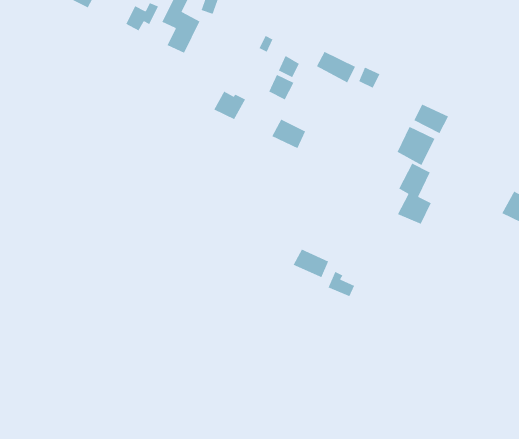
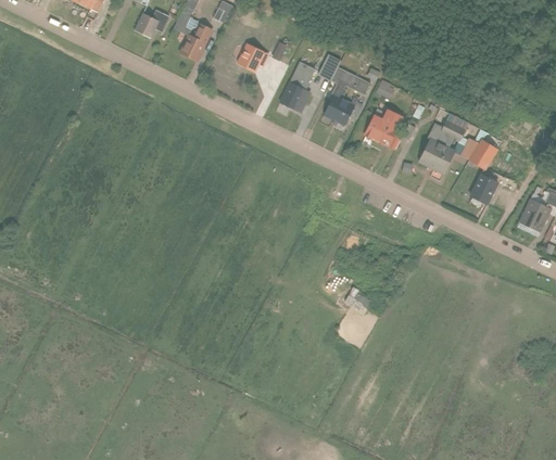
building: [213,91,246,120] -> [237,43,270,74]
building: none -> [362,104,401,146]
building: [271,118,306,149] -> [321,94,357,126]
building: [397,163,432,225] -> [463,139,498,203]
building: [292,249,329,278] -> none

